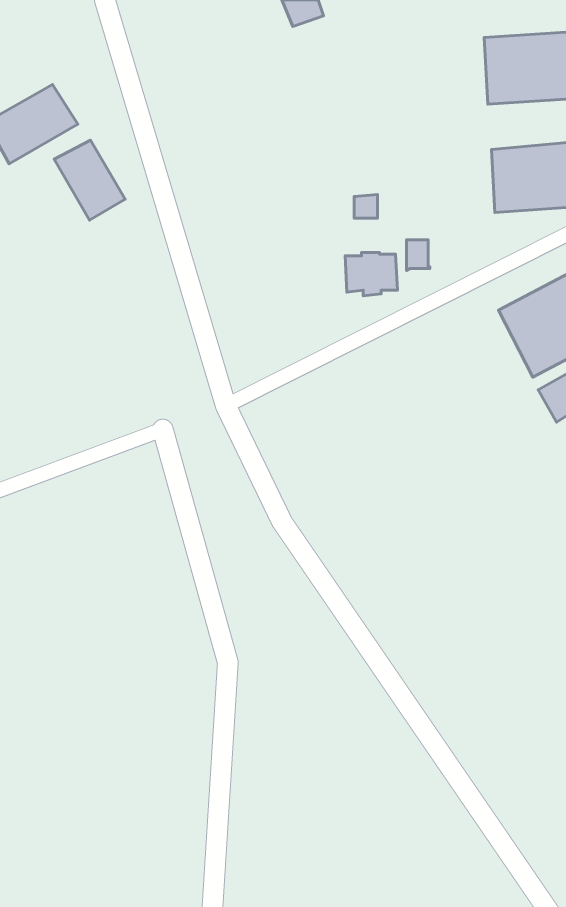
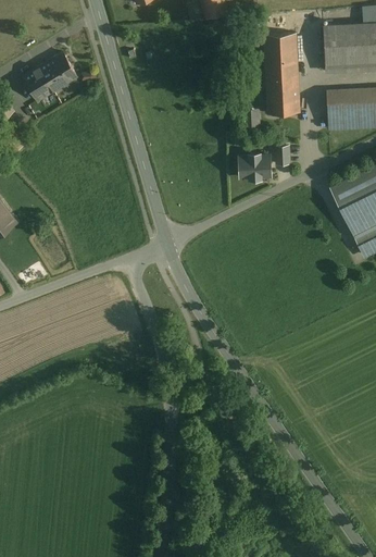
building: none -> [264,34,300,114]
building: [54,140,125,220] -> none

